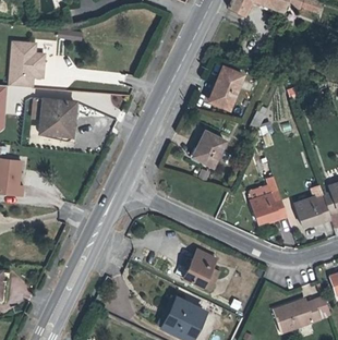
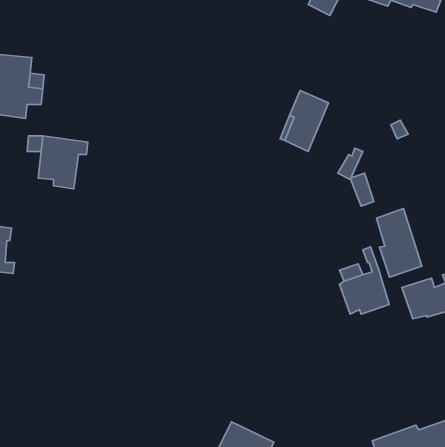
building: [193,131,224,166] -> none
building: none -> [377,208,422,277]
building: [183,251,218,290] -> none

